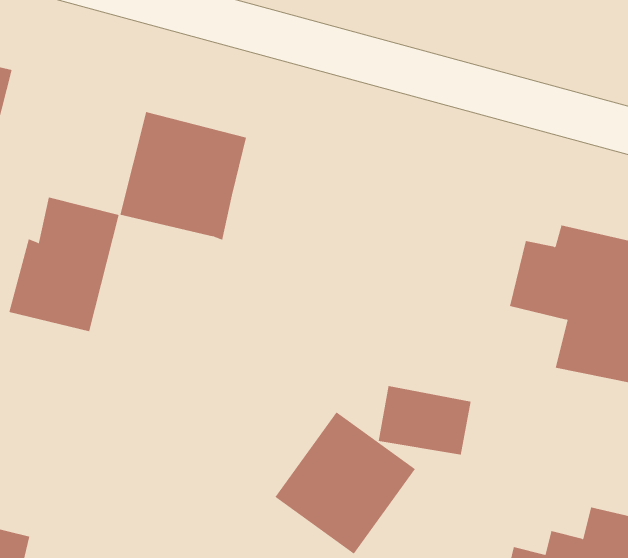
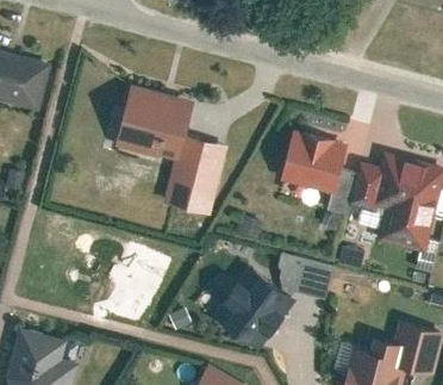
building: none -> [281,132,347,195]
building: [8,197,120,332] -> [162,136,229,217]

